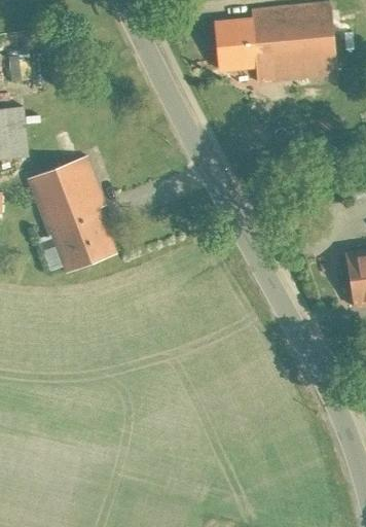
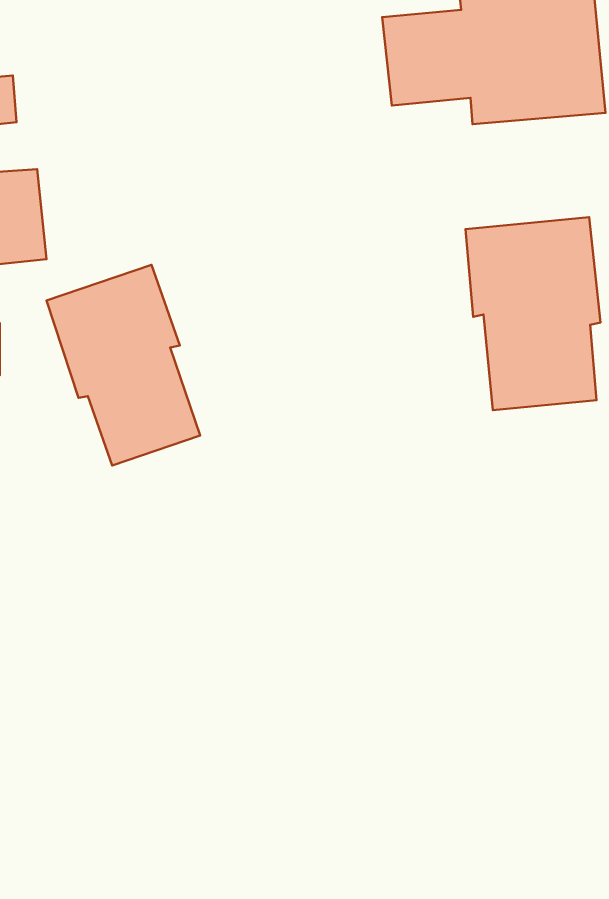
building: none -> [466,217,601,410]

